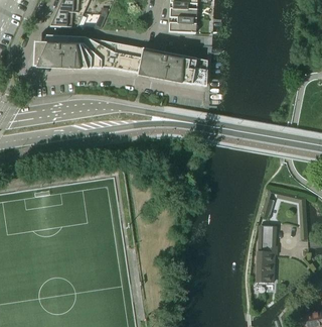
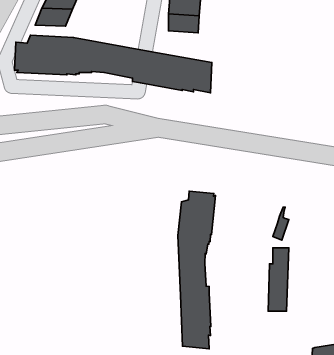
building: none -> [178,191,216,349]

